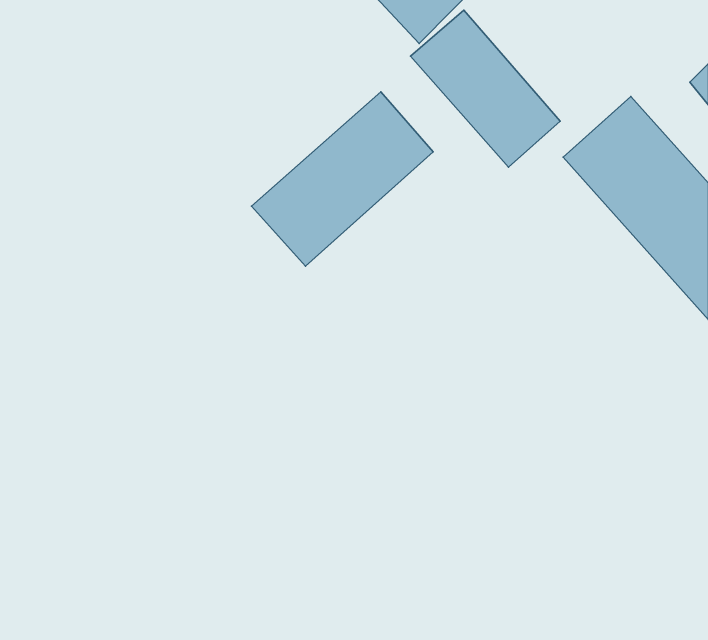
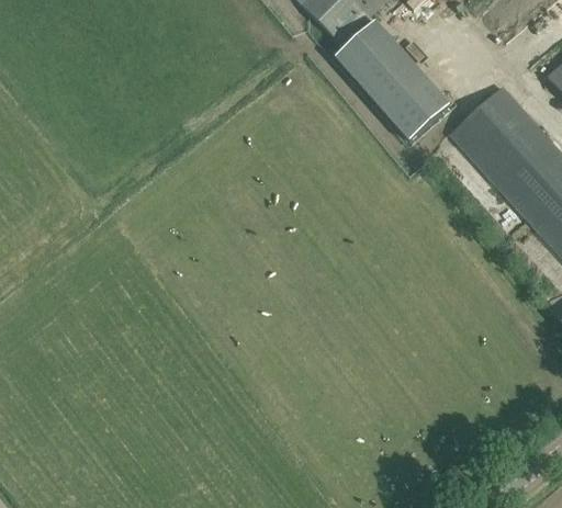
building: [251,92,433,266] -> none

